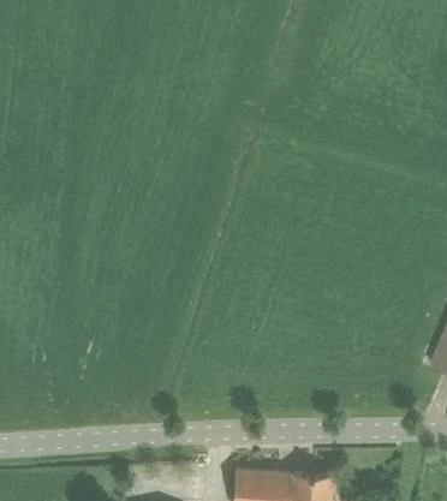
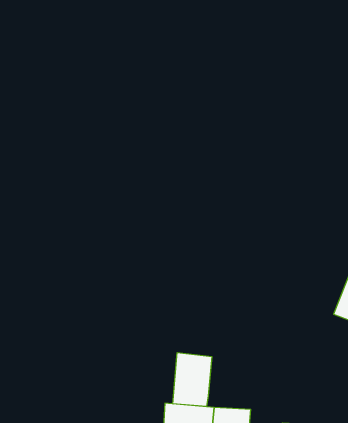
building: none -> [173,353,212,407]

